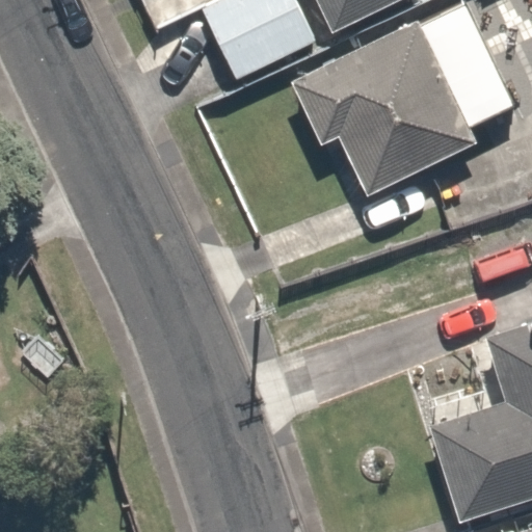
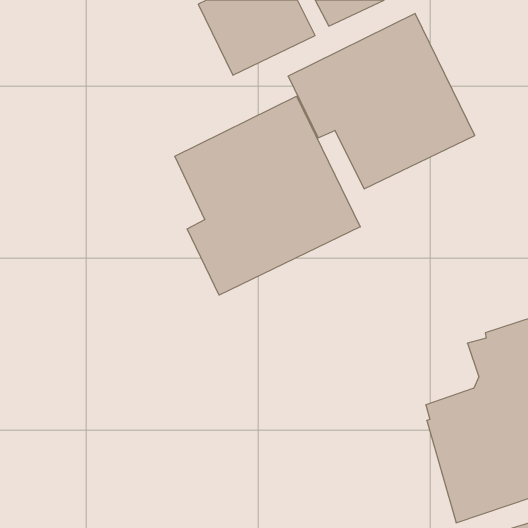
building: none -> [175,96,360,295]

